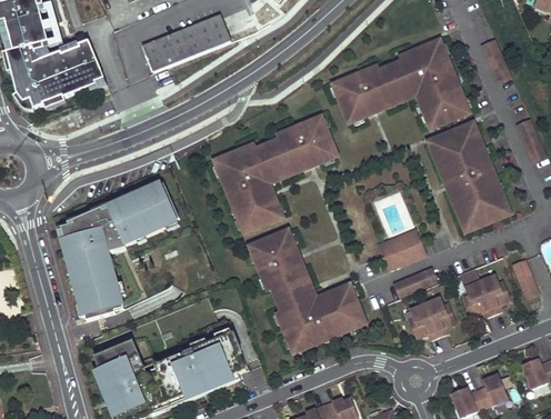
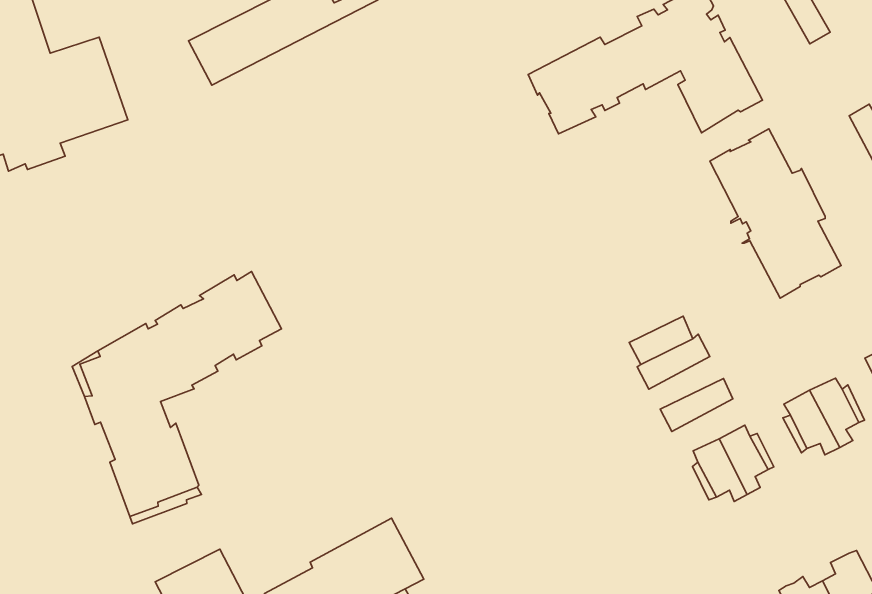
building: [214,117,334,229] -> none
building: [427,121,484,178] -> none
building: [449,181,509,230] -> none
building: [251,229,363,349] -> none

